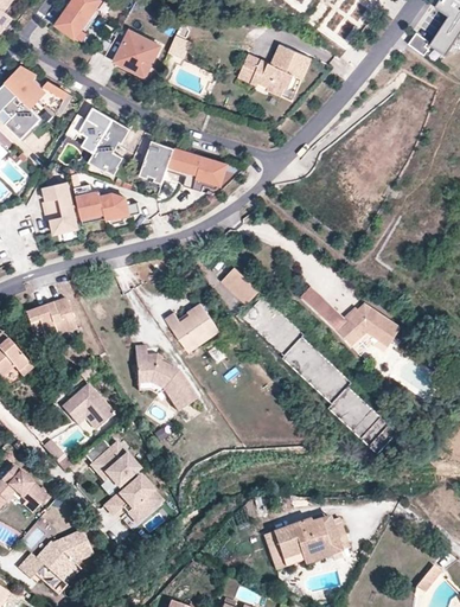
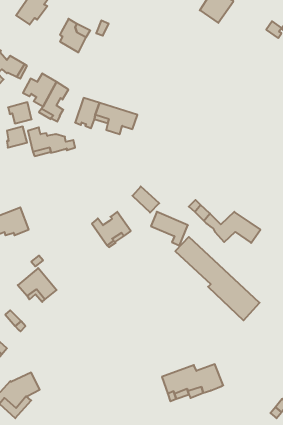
building: [237,43,311,94] -> none
building: [45,204,78,234] -> [8,102,32,123]
building: [133,344,196,409] -> none
building: [84,437,160,520] -> none

